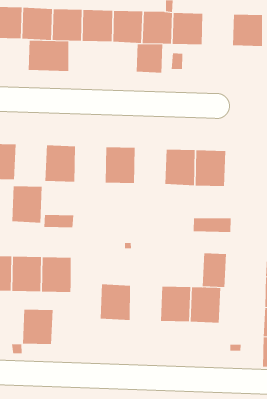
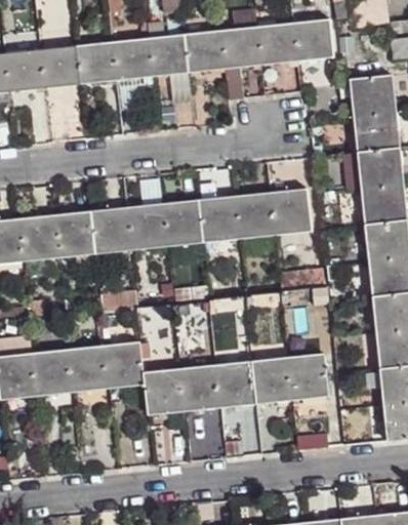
building: none -> [256,23,296,65]
building: [28,40,69,72] -> none
building: [136,43,163,74] -> none
building: none -> [125,203,166,250]
building: none -> [197,196,238,242]
building: [11,186,43,223] -> [53,210,93,257]
building: [202,253,226,288] -> none
building: none -> [214,361,255,407]
building: [22,309,53,345] -> [142,368,182,414]

